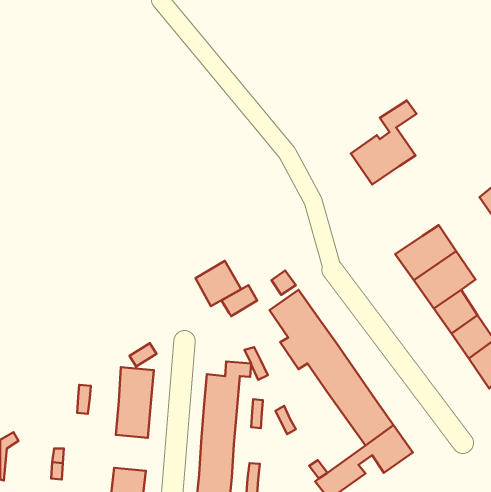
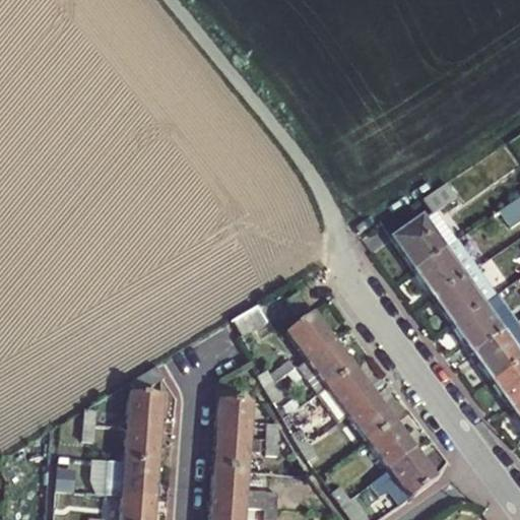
building: [351,100,417,184] -> [396,181,465,269]
building: [195,261,241,306] -> none
building: none -> [107,459,158,497]

